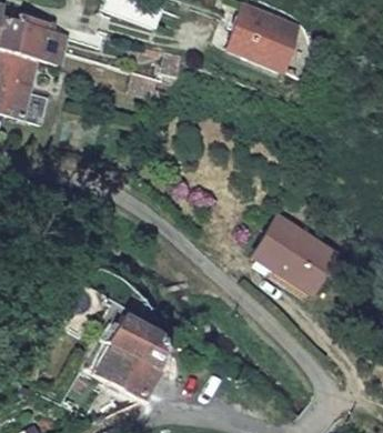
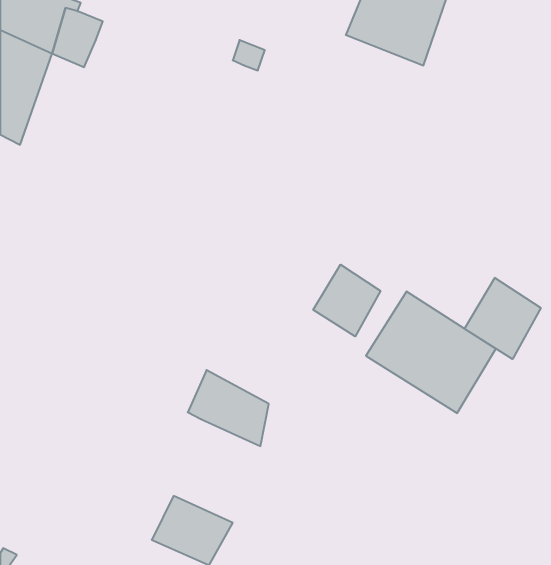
building: none -> [313,265,380,336]
building: none -> [464,278,541,359]
building: [111,318,164,367] -> [188,370,269,446]

